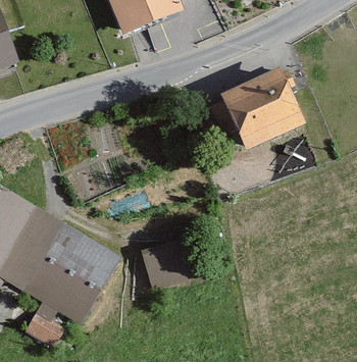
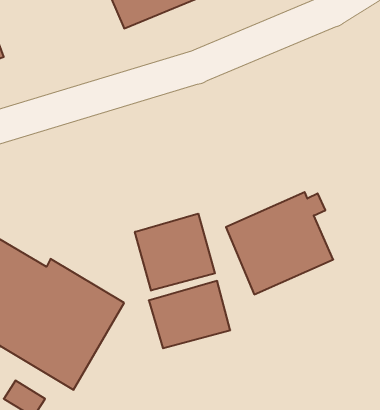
building: [211,71,296,152] -> [226,192,333,294]
building: none -> [135,214,215,291]

